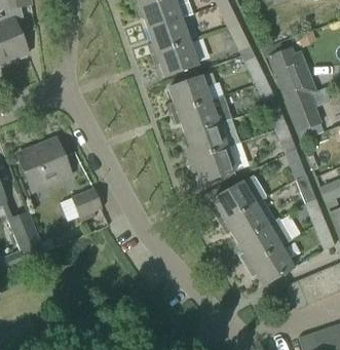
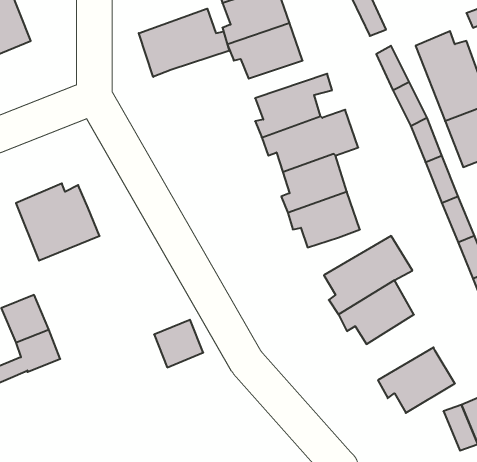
building: none -> [139,9,229,77]
building: [72,187,103,217] -> [154,320,203,367]
building: [238,217,294,264] -> none

